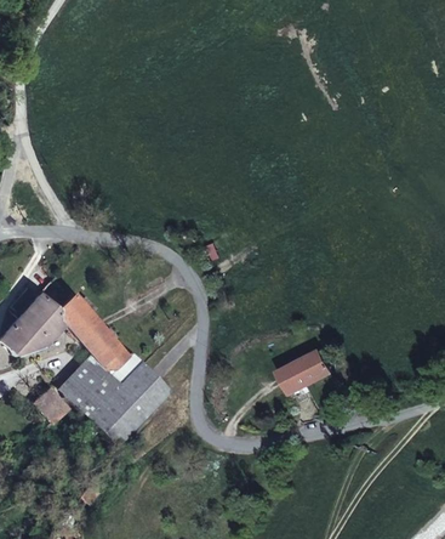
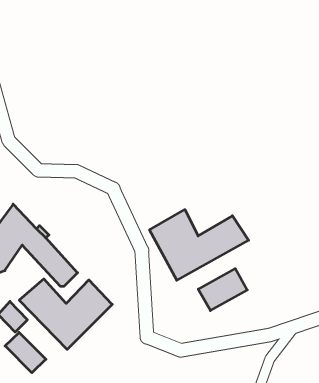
building: none -> [150,210,249,280]
building: none -> [5,332,46,373]

